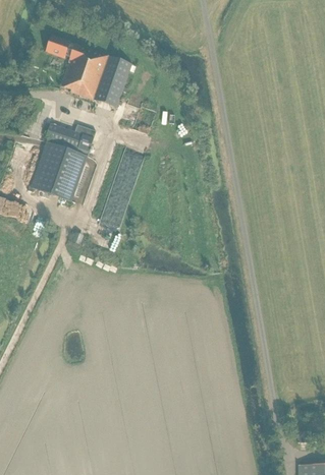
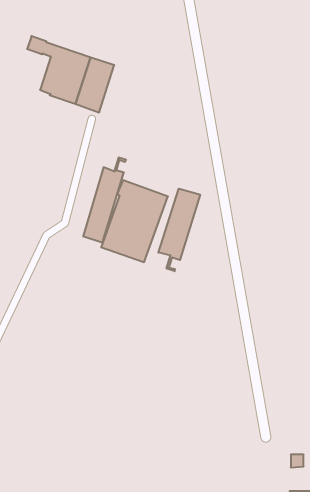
building: [29,125,92,202] -> [101,180,168,262]
building: none -> [158,189,200,271]

